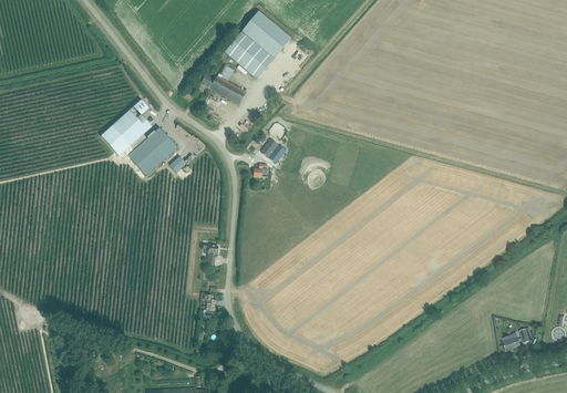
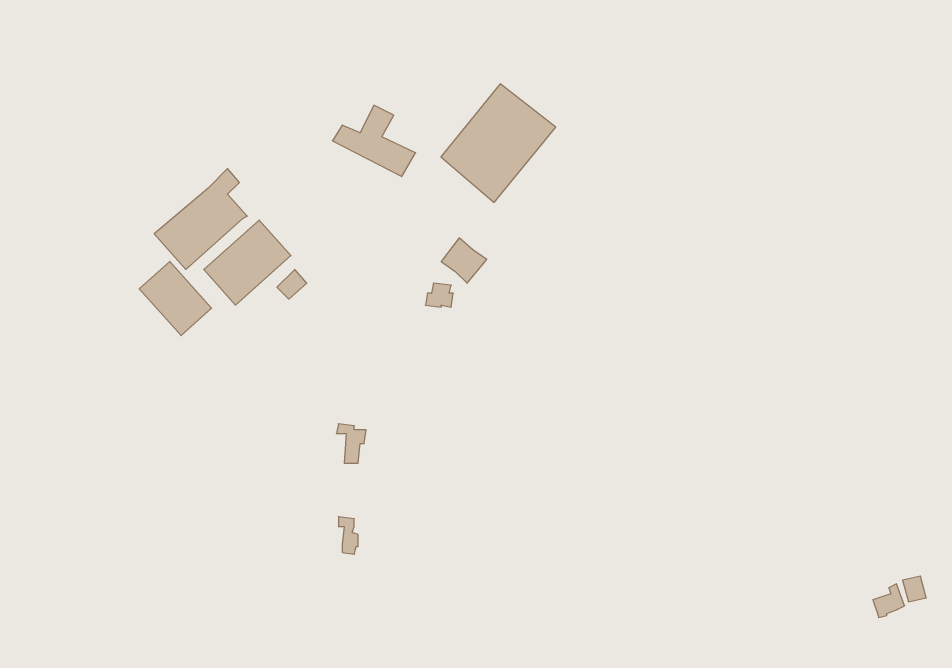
building: [225,12,289,79] -> [441,84,556,202]
building: none -> [139,261,212,336]

